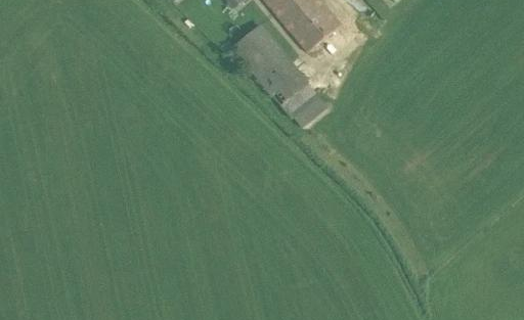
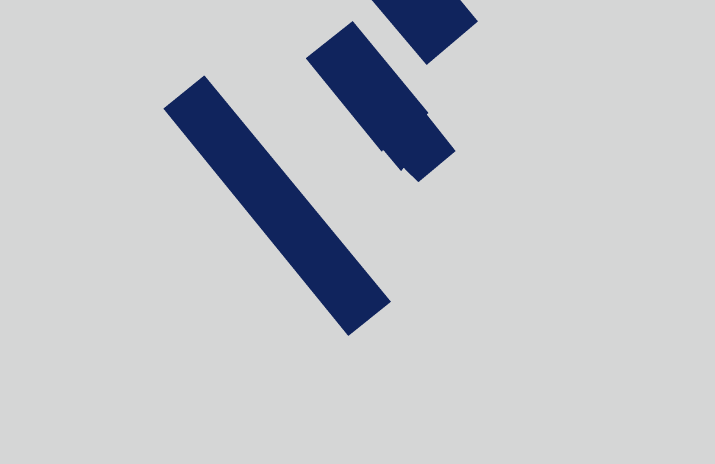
building: none -> [162,74,392,337]

